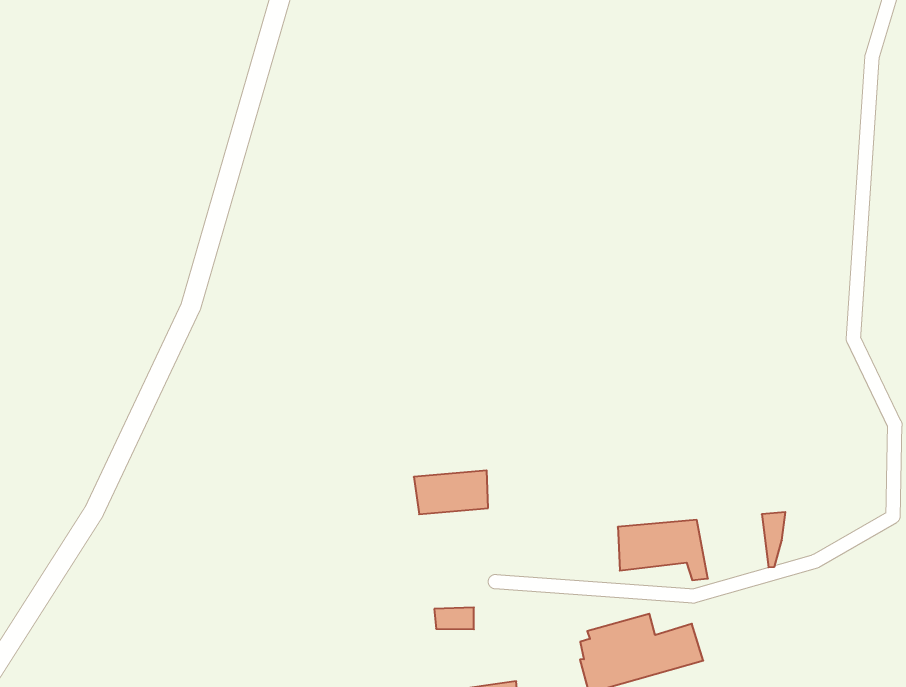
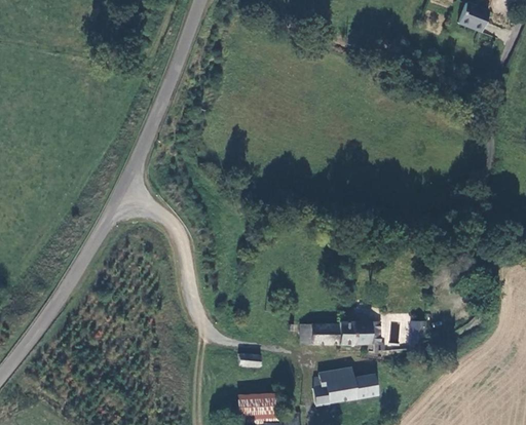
building: [414,470,488,514] -> [300,323,338,343]

